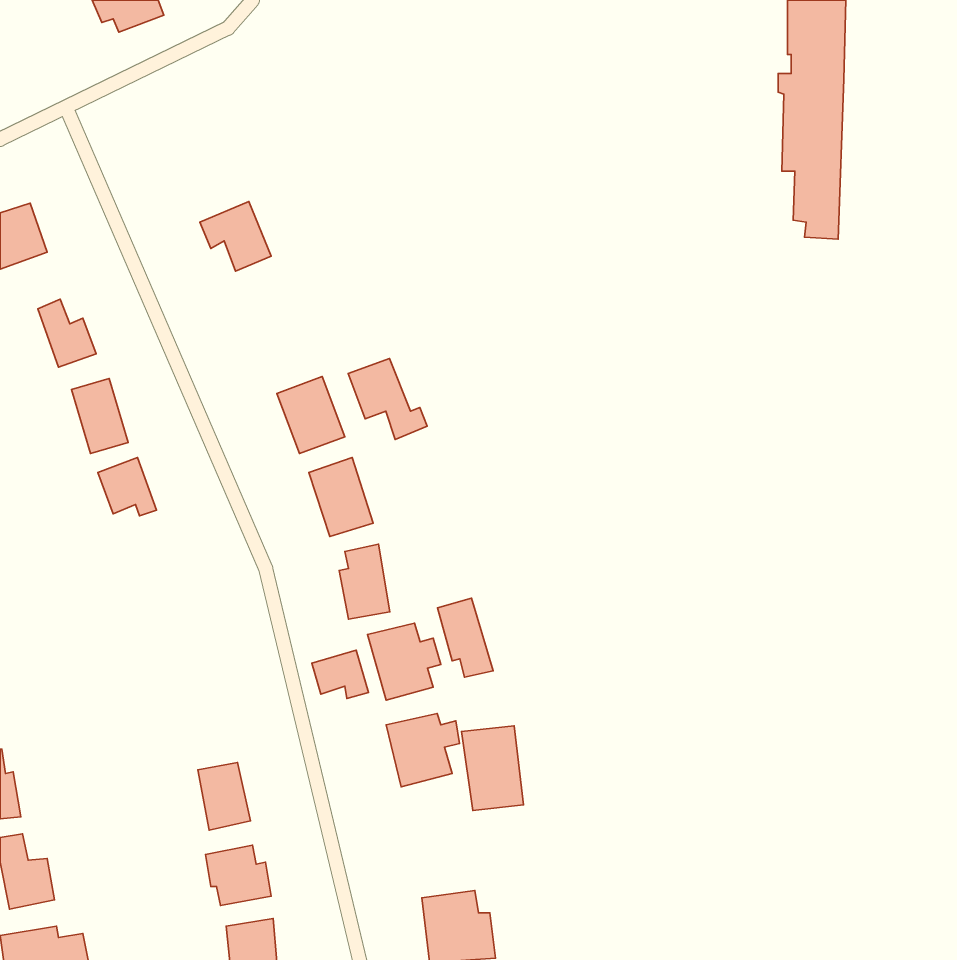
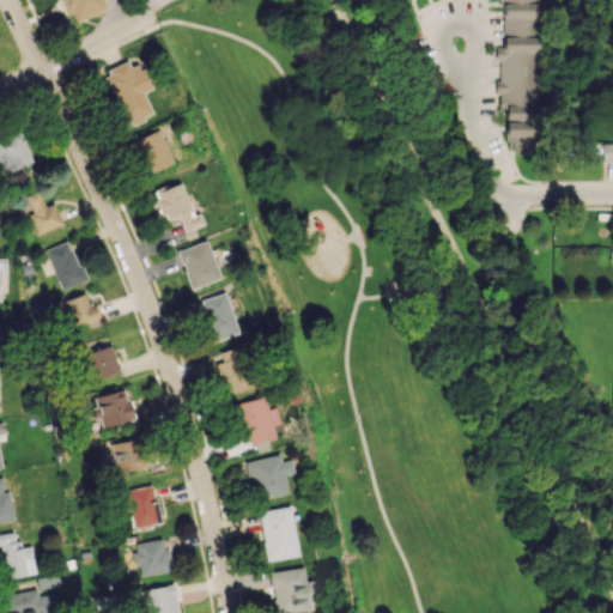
building: none -> [107,65,154,127]
building: [348,358,427,439] -> [157,182,207,233]
building: none -> [92,346,121,380]
building: [437,598,493,677] -> none
building: none -> [95,389,135,429]
building: [312,650,368,699] -> none
building: none -> [114,439,147,473]
building: [461,726,524,811] -> [261,508,301,562]

